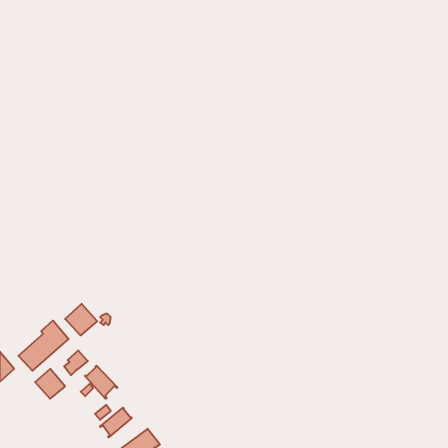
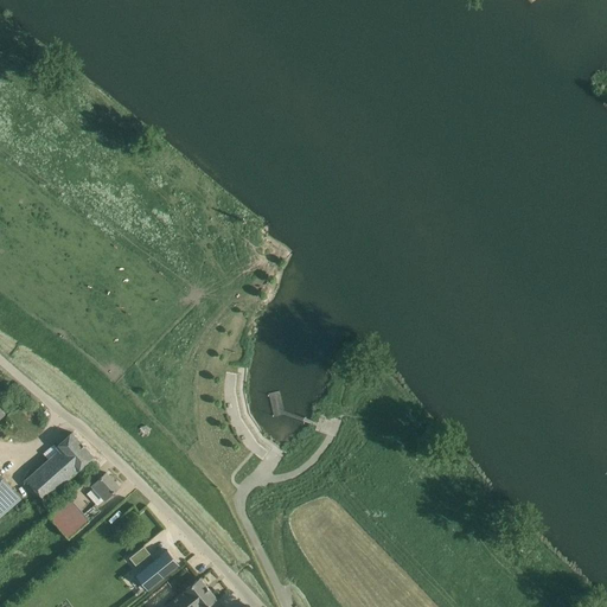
building: [65,304,97,335] -> none
building: [85,366,117,399] -> none

